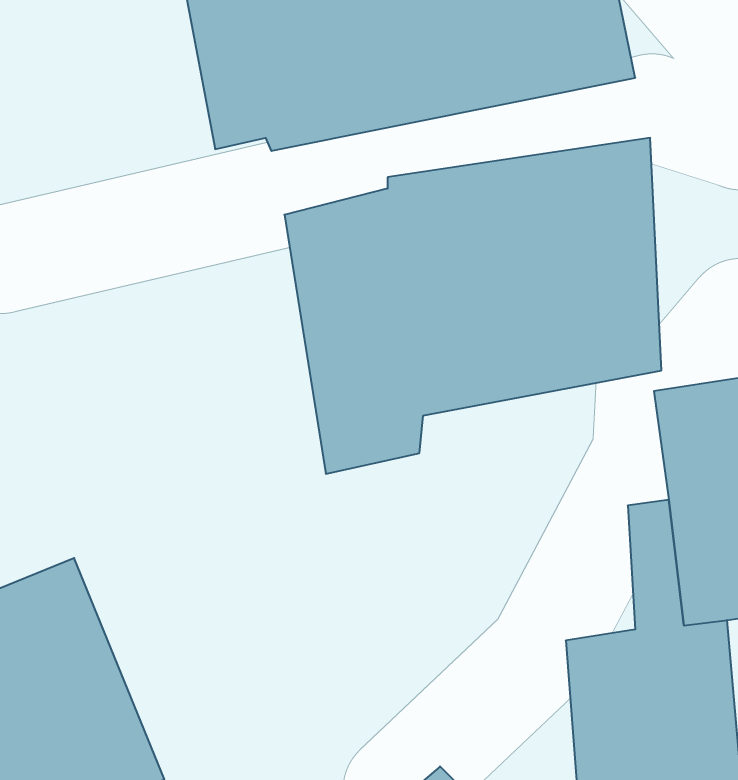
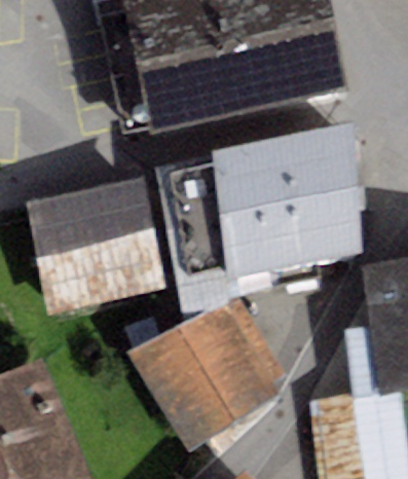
building: none -> [28,178,164,309]
building: none -> [133,299,285,454]

